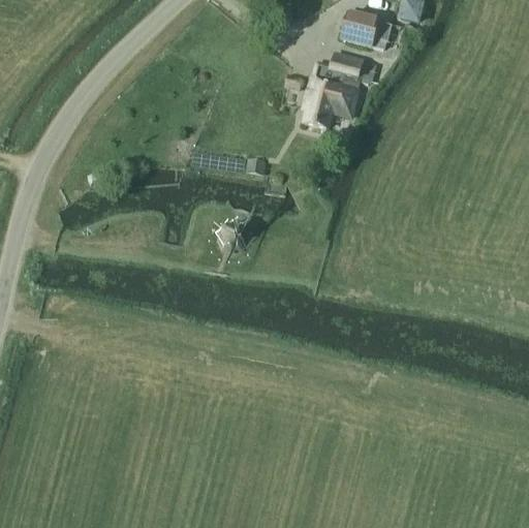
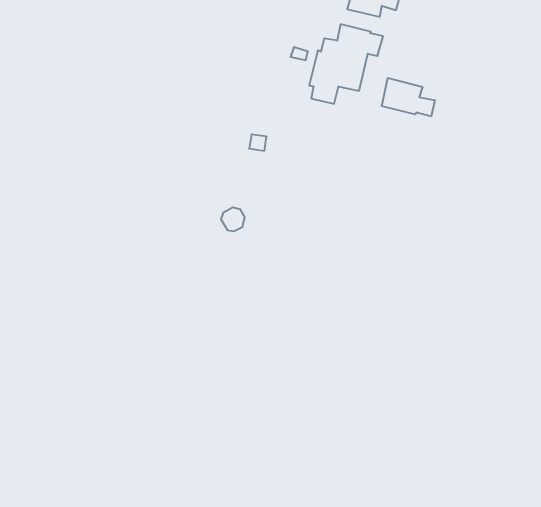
building: none -> [382,78,435,116]

